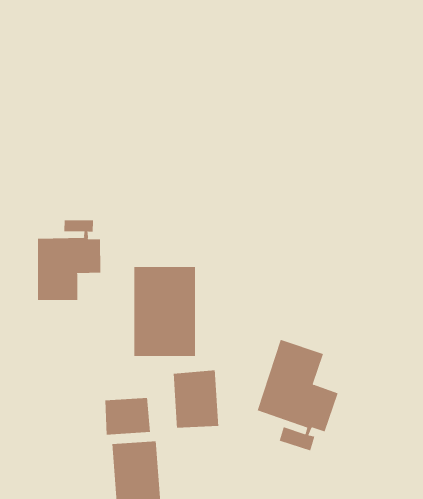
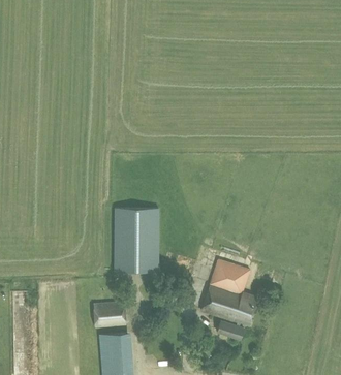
building: [37,219,101,301] -> none
building: [173,369,219,428] -> none

